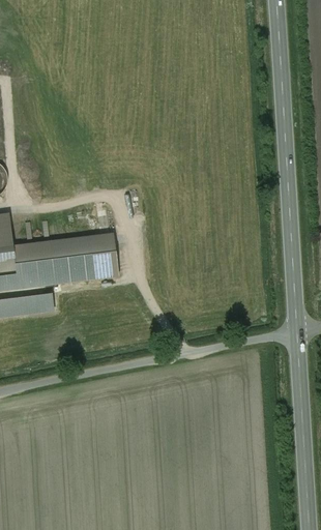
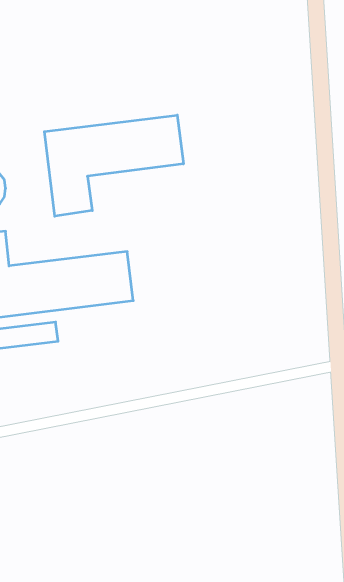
building: none -> [44,115,183,216]

